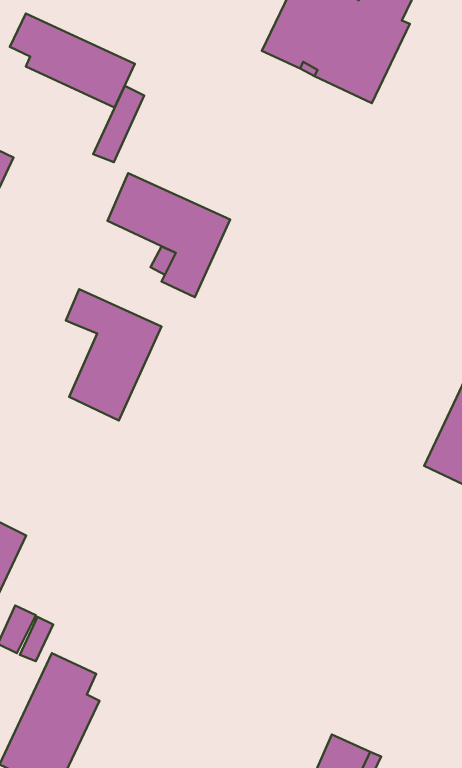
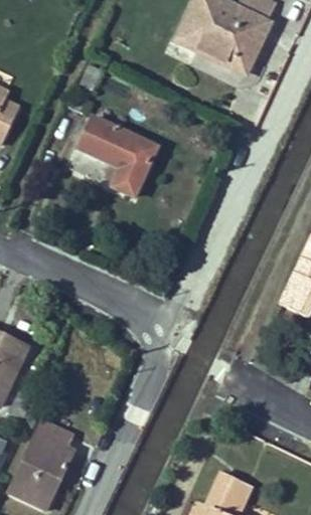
building: [10,13,135,107] -> none
building: [66,289,161,420] -> none

